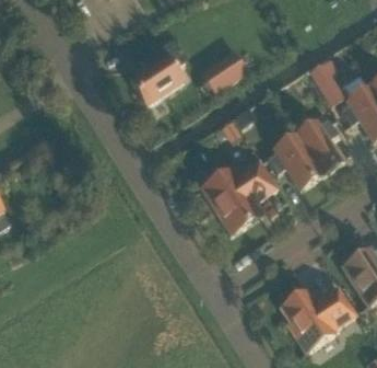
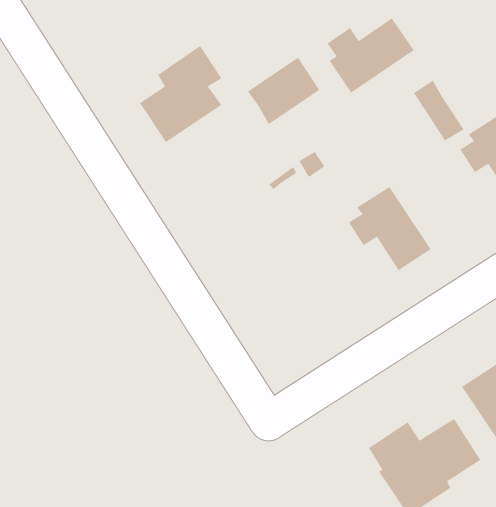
building: none -> [327,18,415,93]
building: [294,116,343,174] -> none
building: [204,159,276,233] -> none

